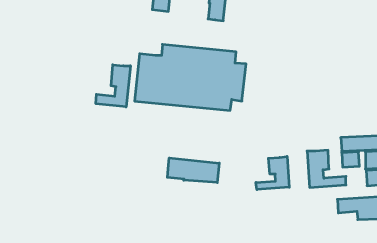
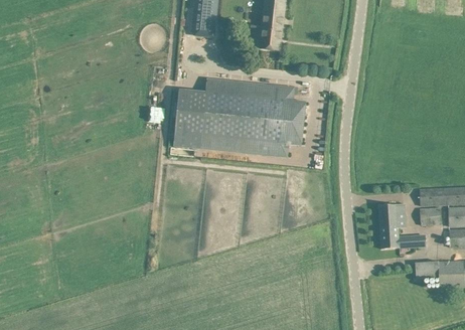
building: [96,65,130,107] -> none
building: [256,156,289,190] -> none
building: [167,158,219,183] -> none

